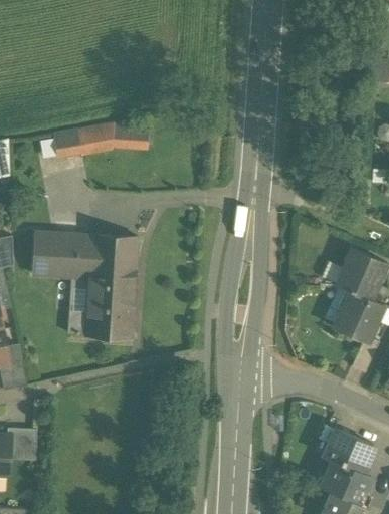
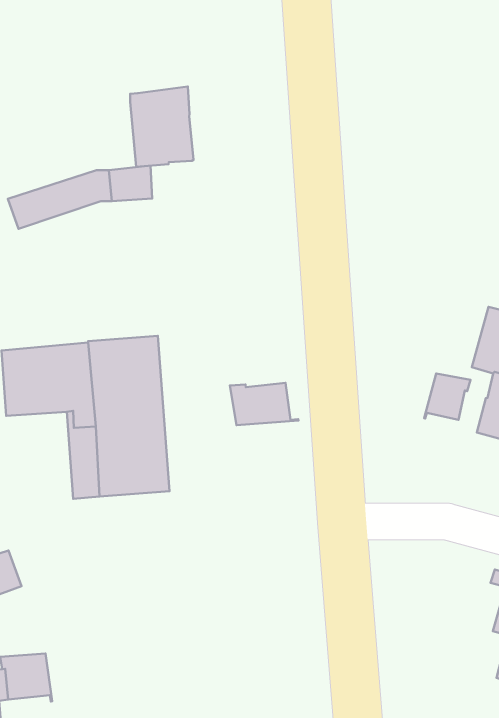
building: none -> [130,87,194,167]
building: none -> [230,383,298,425]
building: none -> [424,374,470,420]

